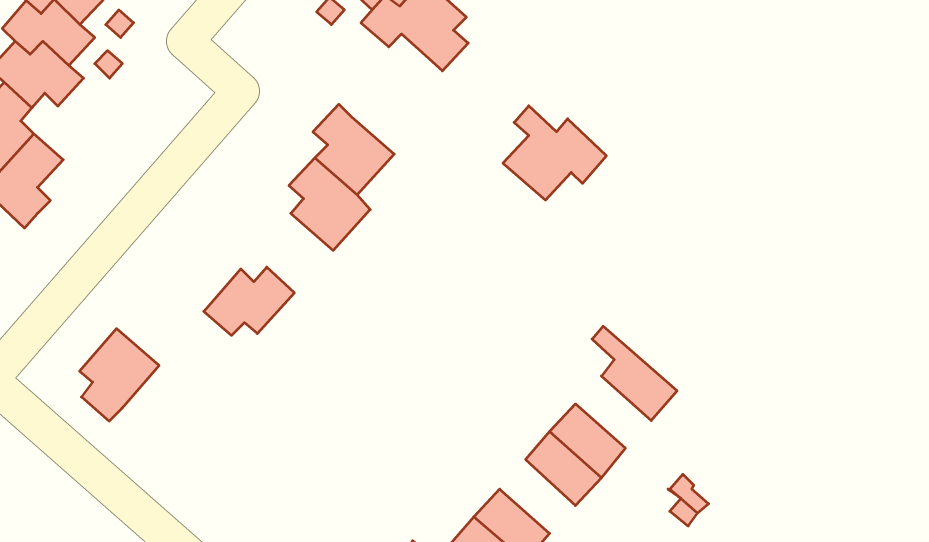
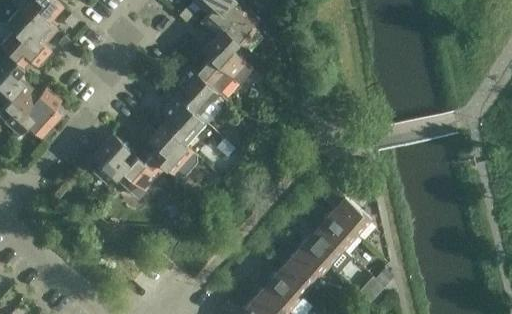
building: [503,106,606,200] -> [195,42,251,93]
building: none -> [25,89,61,139]
building: none -> [148,125,196,178]
building: [80,329,159,421] -> [92,135,135,185]
building: none -> [316,213,357,252]
building: none -> [275,258,316,298]

